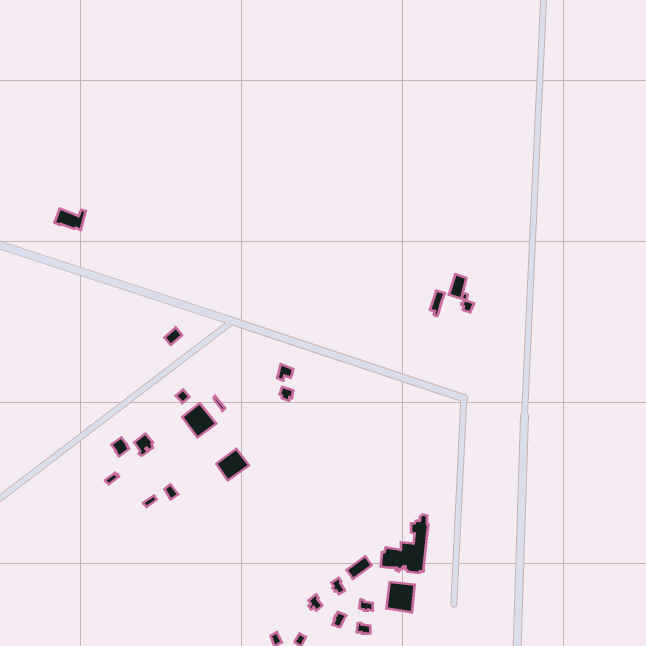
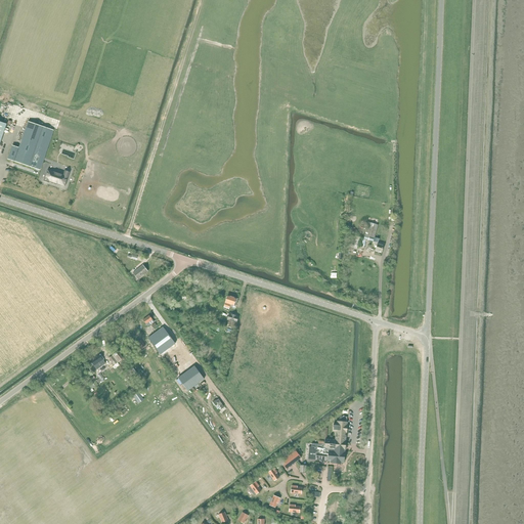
building: none -> [8,122,50,169]
building: [387,582,415,613] -> none

